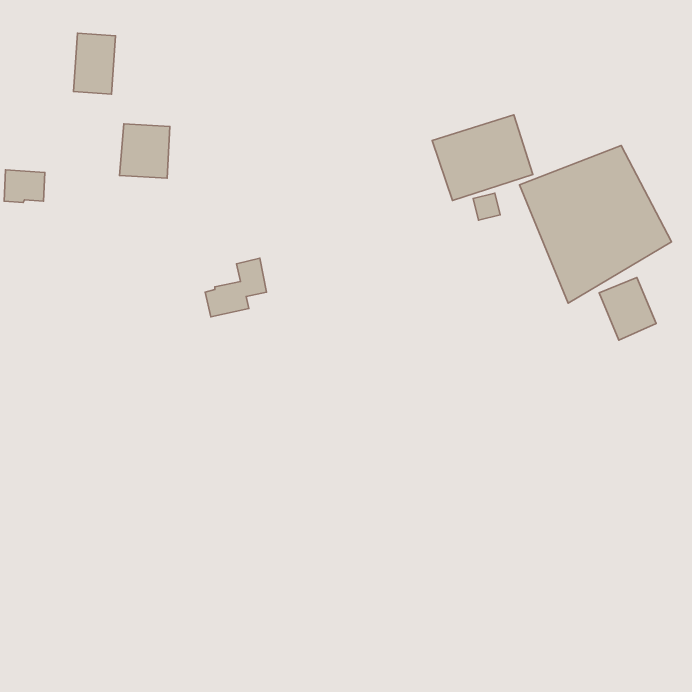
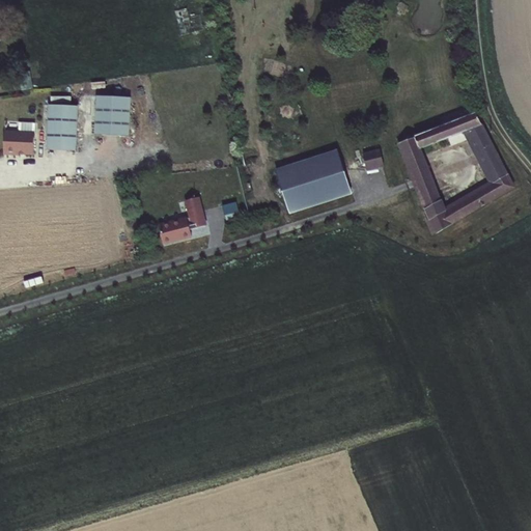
building: [73,33,115,94] -> [45,103,77,149]
building: [432,115,533,200] -> [274,149,351,215]
building: [599,278,656,340] -> none

